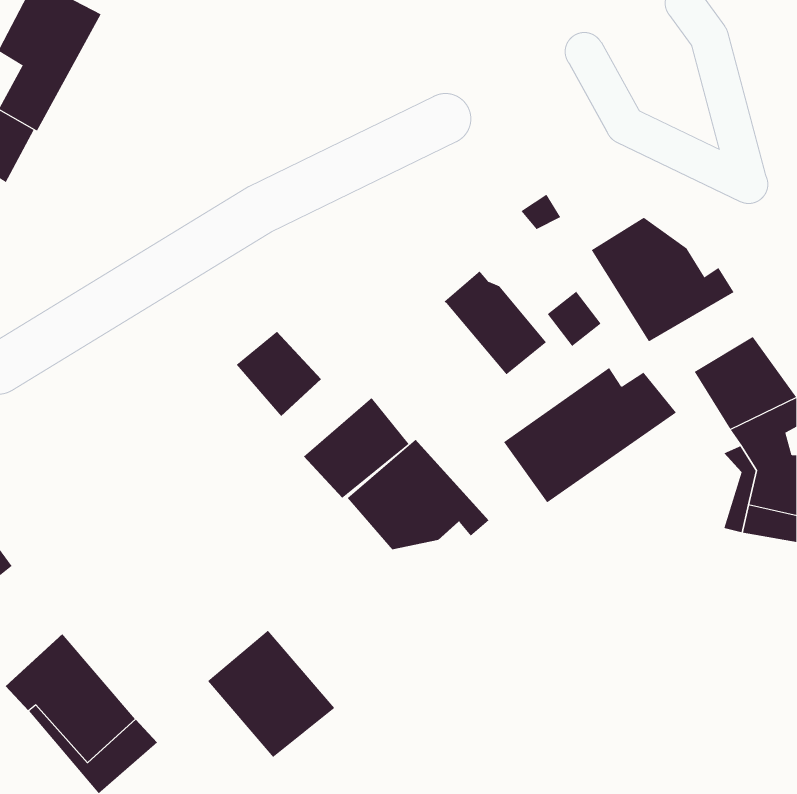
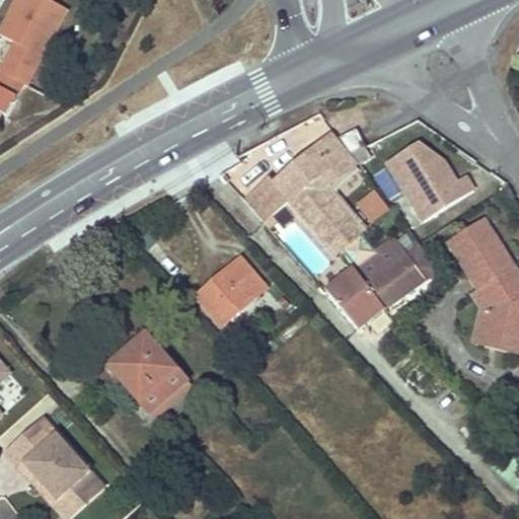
building: none -> [242,132,354,218]
building: [236,331,322,417] -> none
building: [347,439,490,550] -> none
building: [207,630,335,758] -> [107,330,191,414]

